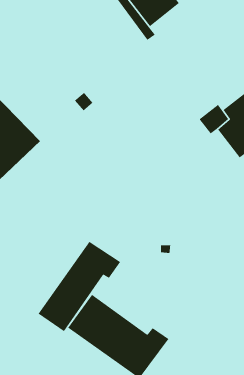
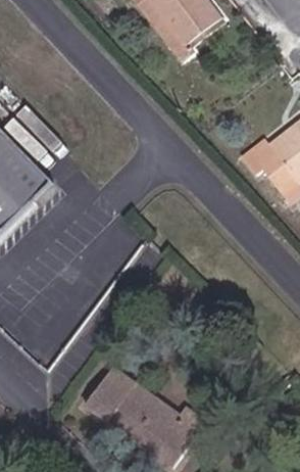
building: [38,241,121,332] -> none

